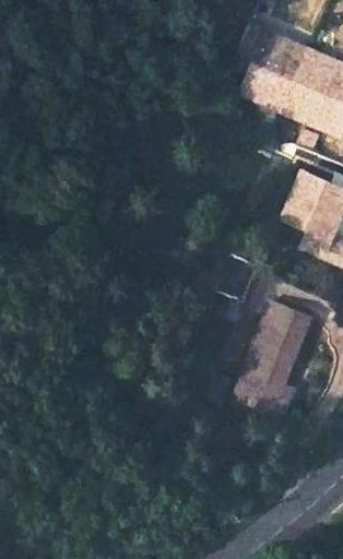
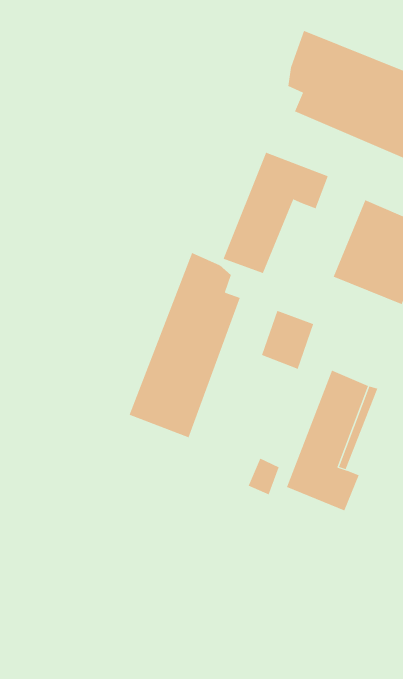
building: none -> [223,152,329,274]
building: none -> [129,252,241,438]

